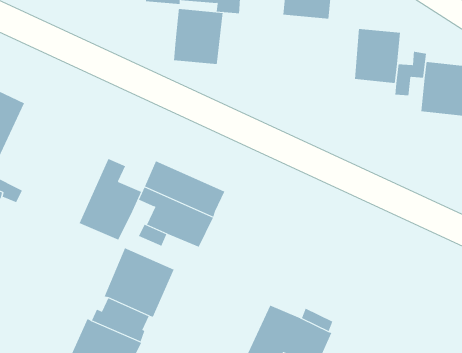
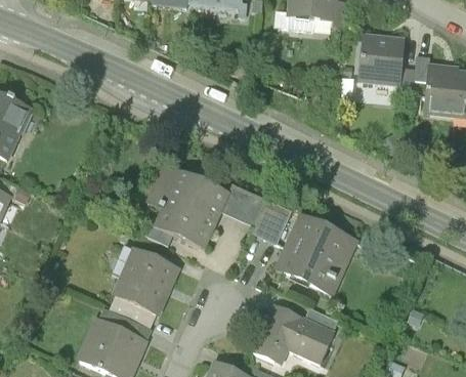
building: [174,8,223,65] -> none
building: [79,158,142,240] -> none
building: none -> [221,185,292,245]
building: none -> [273,212,358,296]

